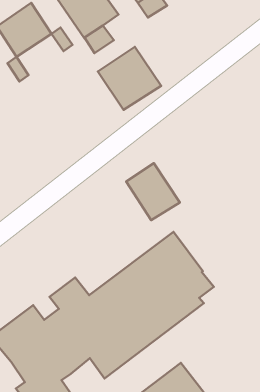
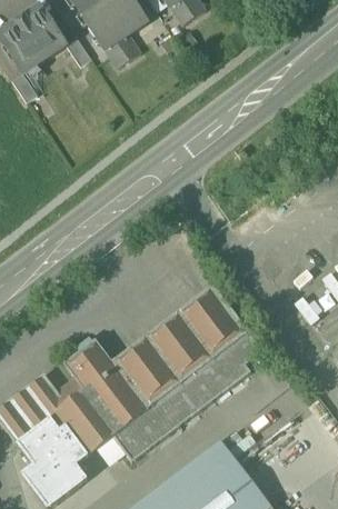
building: [98,47,161,110] -> none
building: [126,163,180,220] -> none

